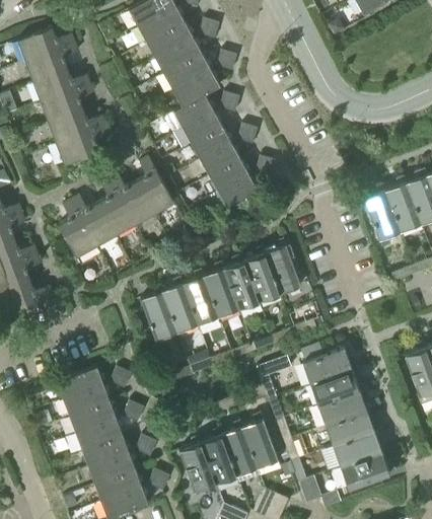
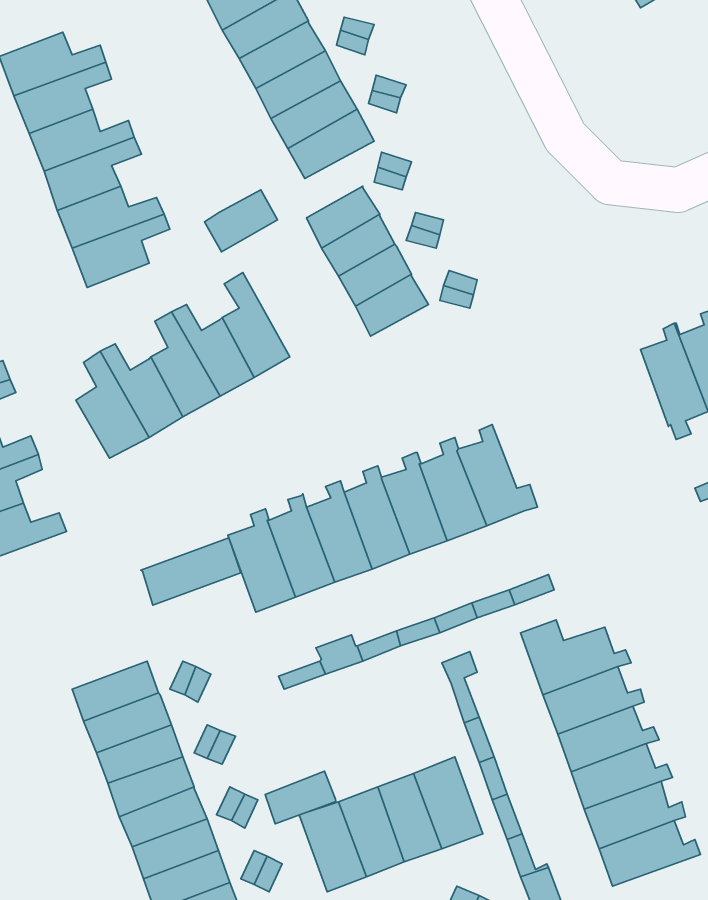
building: [174,95,214,129] -> [204,190,278,252]
building: [218,175,259,210] -> none
building: none -> [141,538,241,605]
building: none -> [265,771,336,824]

